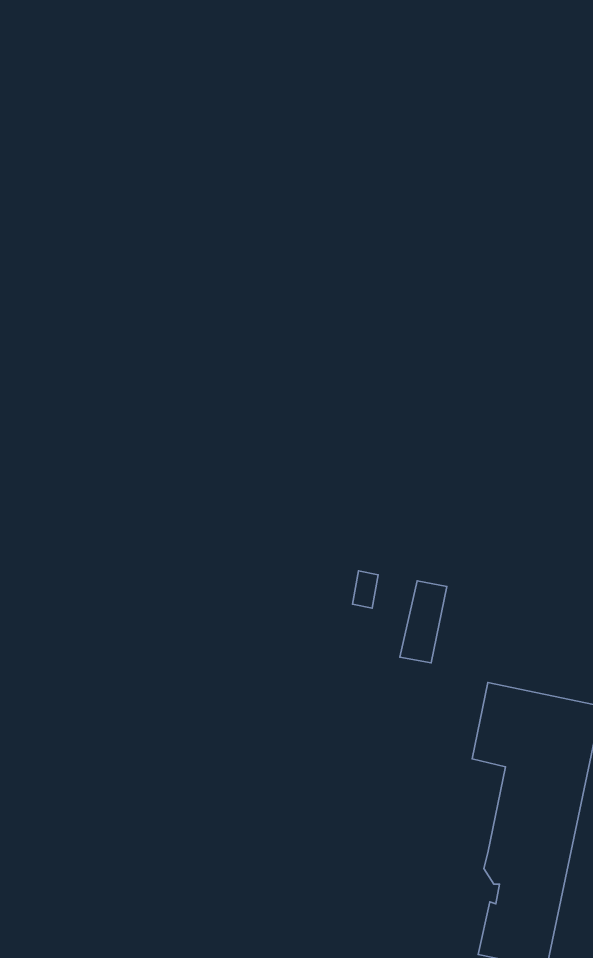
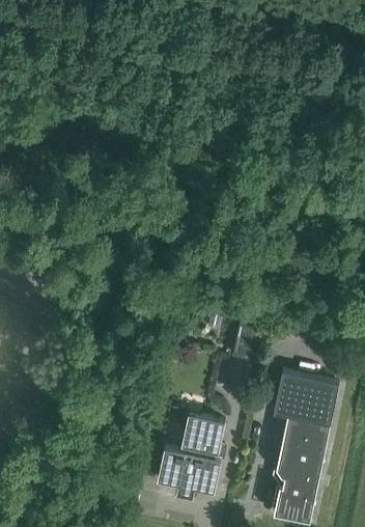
building: none -> [158,414,225,497]

